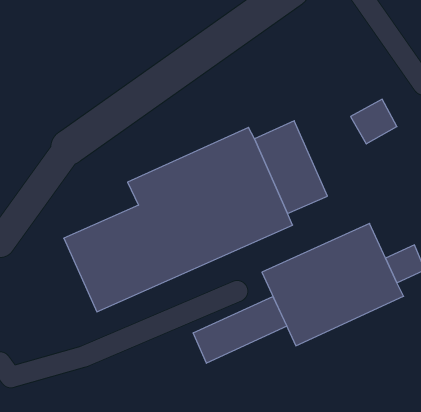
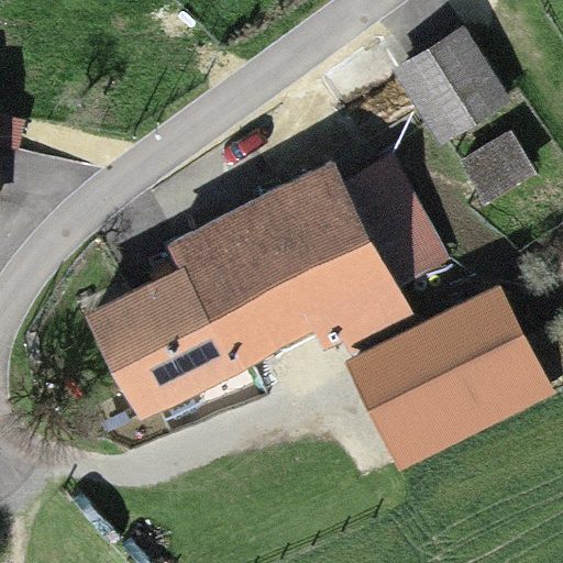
building: none -> [402,31,505,136]
building: [193,296,287,363] -> none

